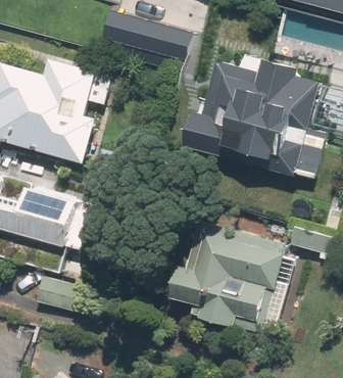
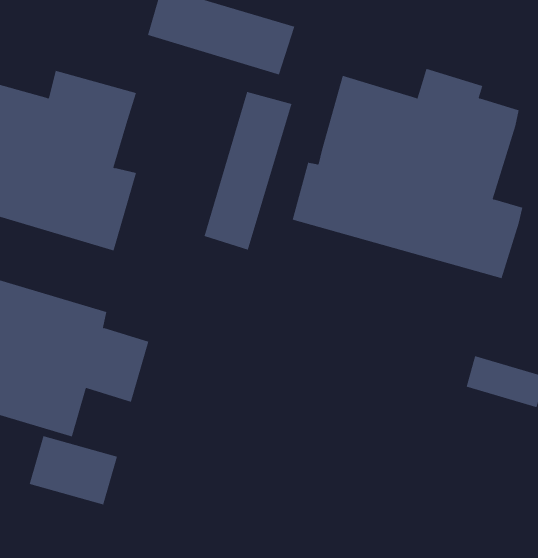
building: none -> [204,91,292,250]
building: [172,228,284,329] -> none

